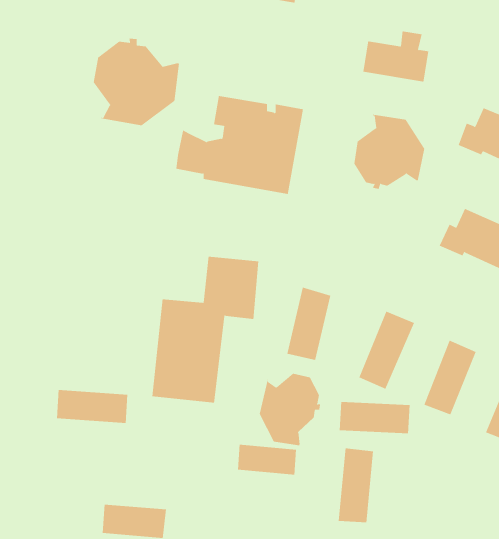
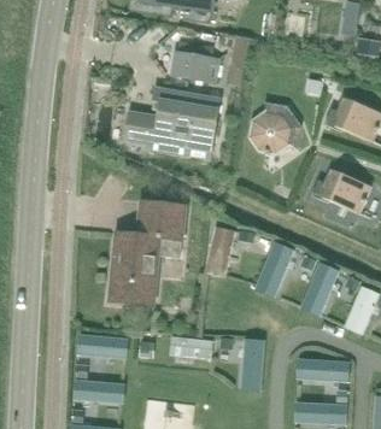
building: [363,31,429,82] -> [171,46,218,82]
building: [93,38,179,126] -> none
building: [259,373,321,446] -> none
building: [56,389,128,424] -> [76,333,127,357]
building: [339,401,411,434] -> [297,357,347,380]

